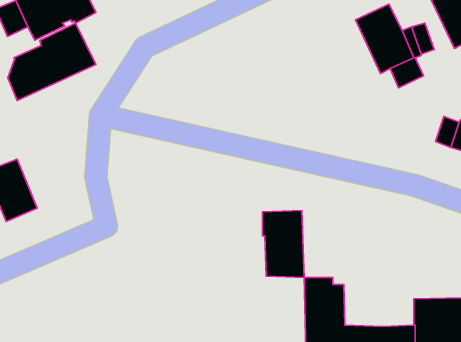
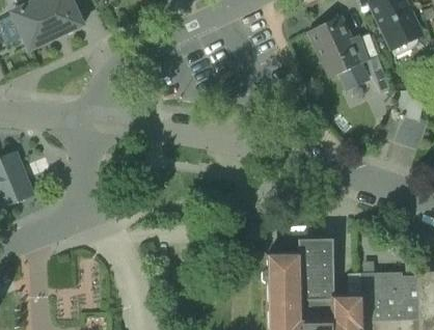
building: [8,23,96,101] -> none
building: [263,211,304,277] -> [298,240,334,298]

